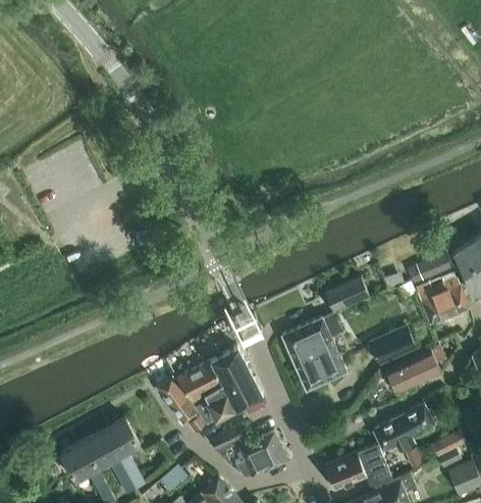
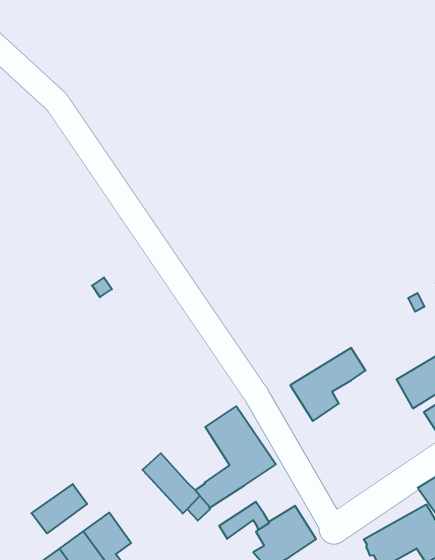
building: [326,279,370,312] -> none
building: [297,338,348,390] -> none
building: [177,360,226,409] -> none
building: none -> [31,484,87,533]

